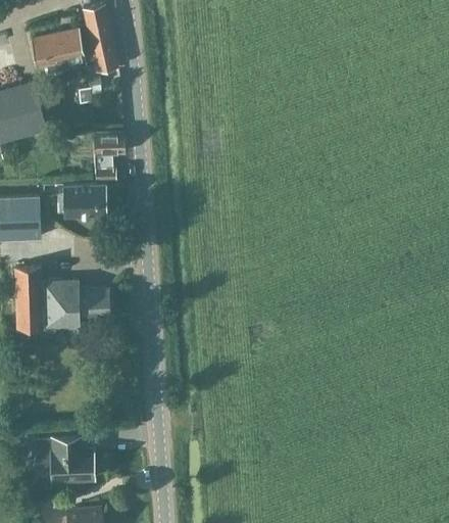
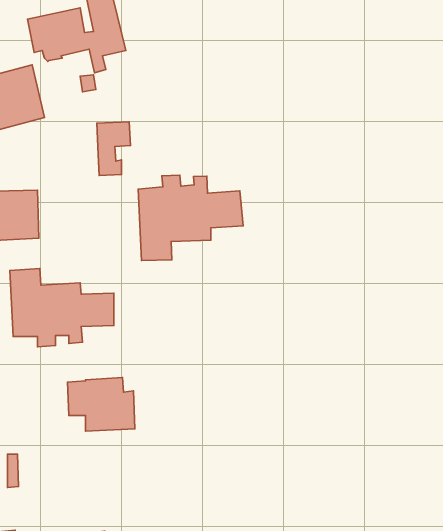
building: none -> [138,175,243,260]
building: [62,184,106,218] -> none
building: [34,435,95,484] -> [68,378,135,431]

